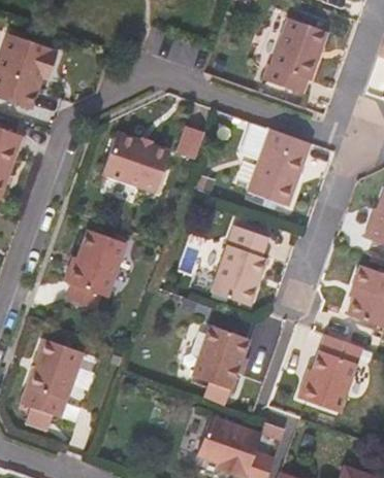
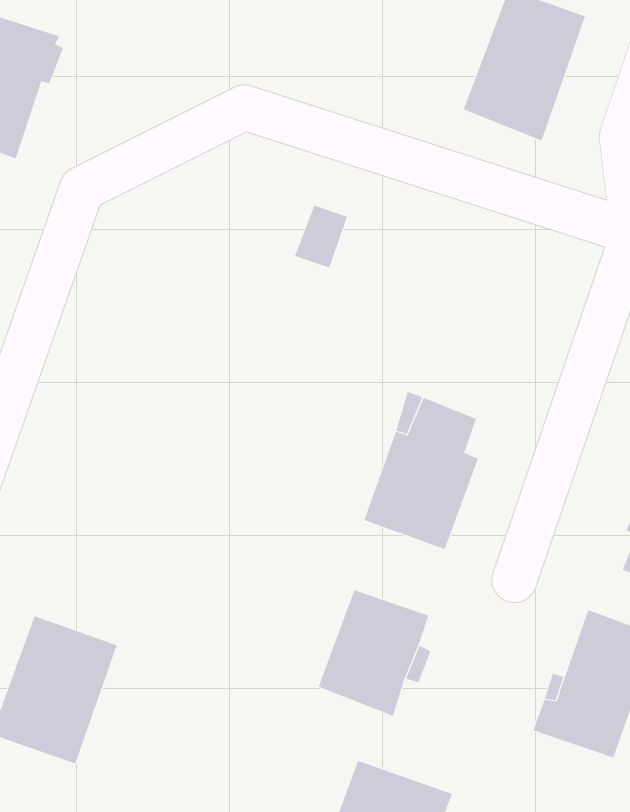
building: [239,124,310,204] -> none
building: [101,132,170,194] -> none
building: [65,231,125,314] -> none

